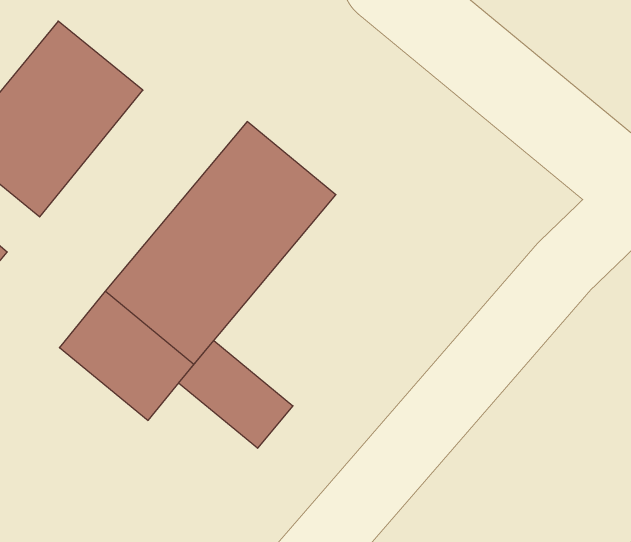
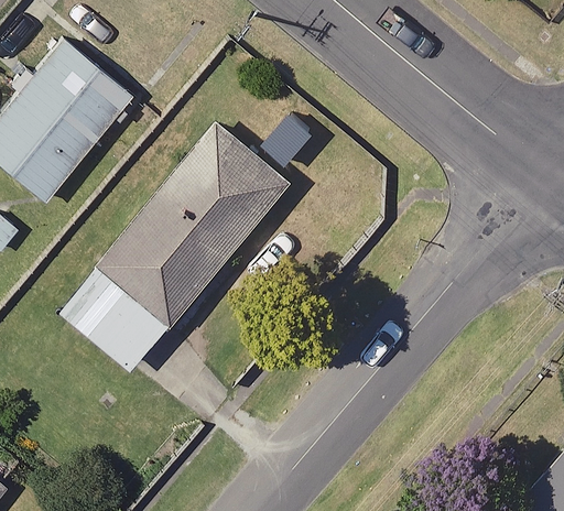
building: [178,341,293,448] -> none

